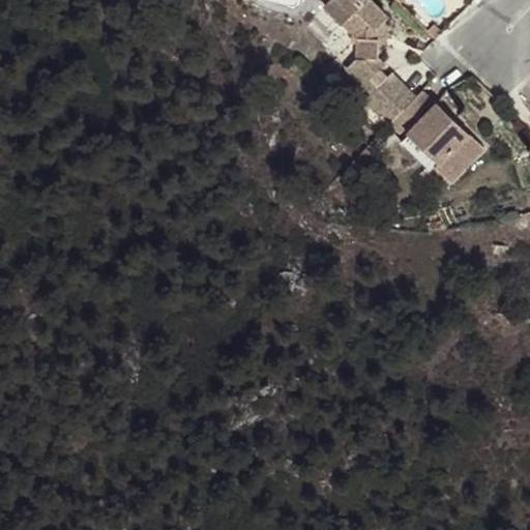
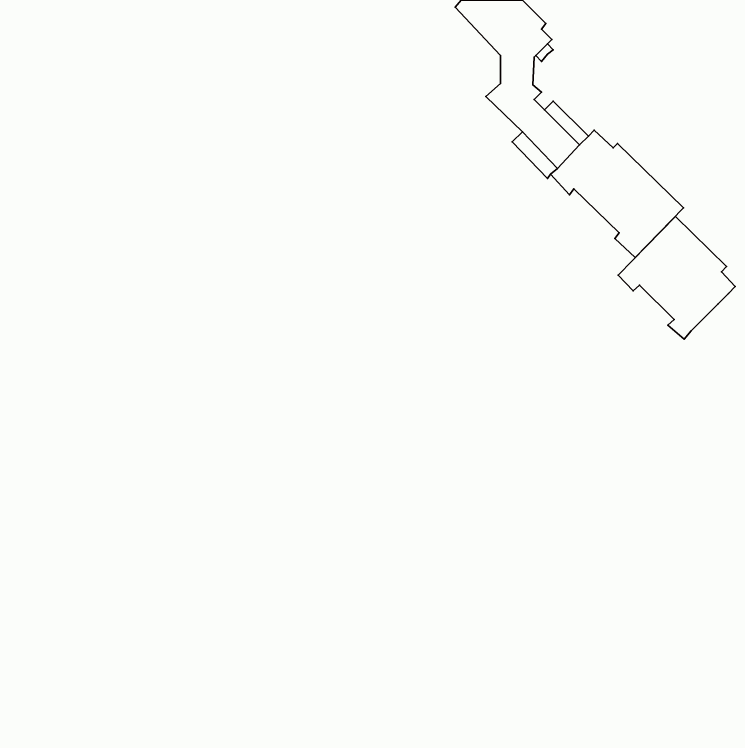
building: none -> [618,217,735,339]

